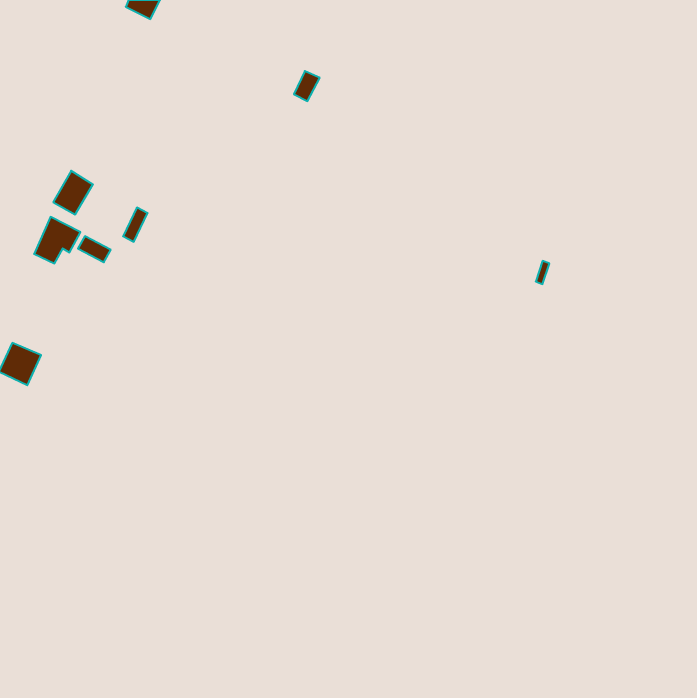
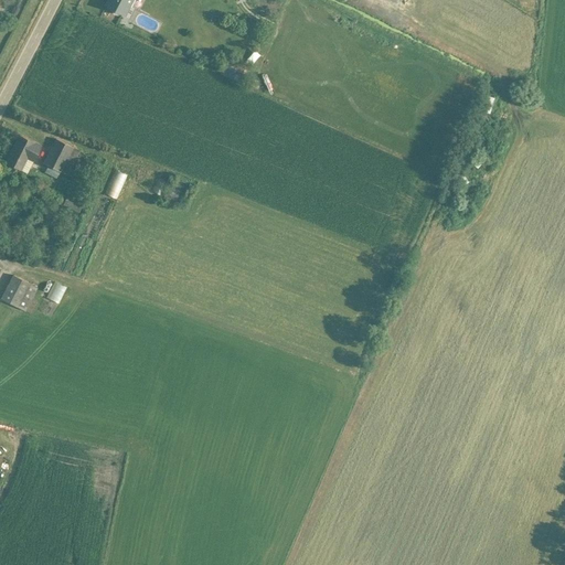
building: [34,217,80,263] -> [7,134,44,171]

